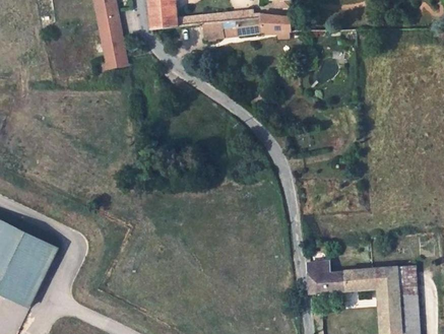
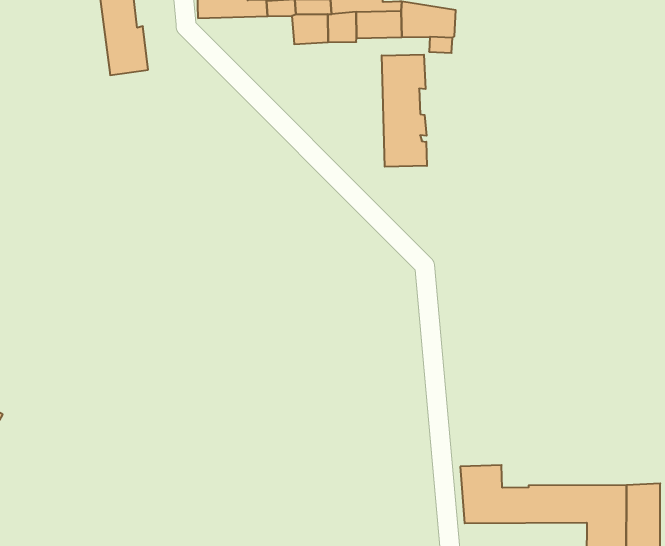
building: none -> [382,55,427,167]

